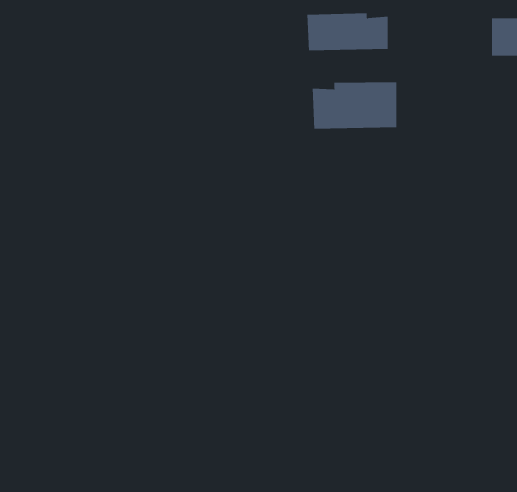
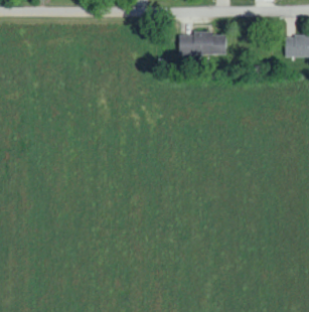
building: [312,81,397,130] -> none

